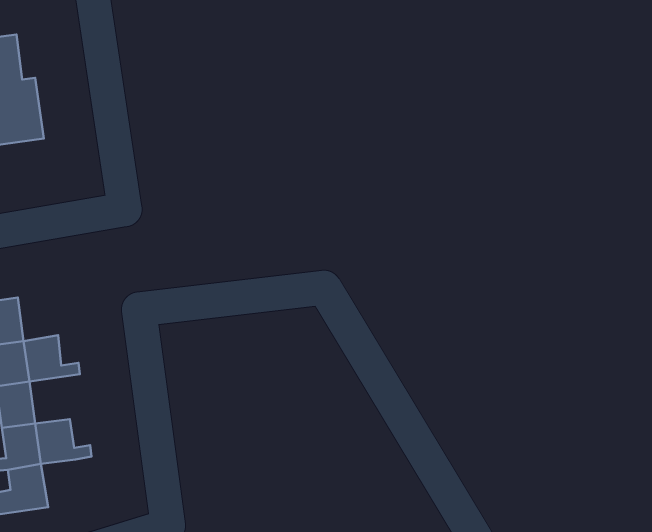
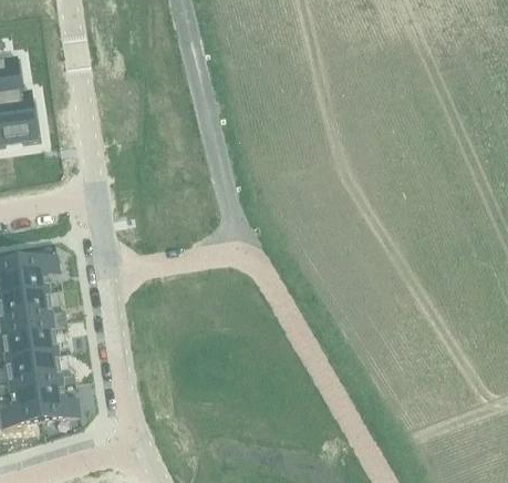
building: none -> [17,253,58,291]
building: none -> [25,317,65,354]
building: none -> [34,382,79,419]

